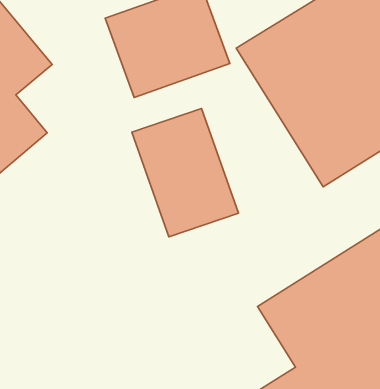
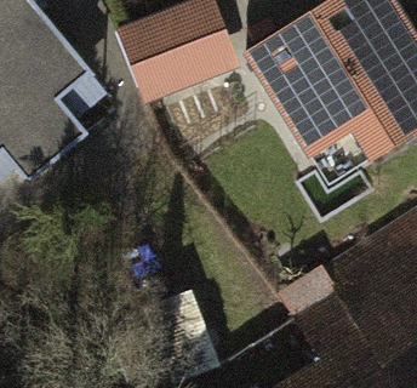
building: [132,108,239,237] -> none

